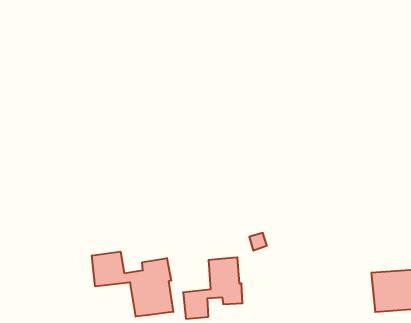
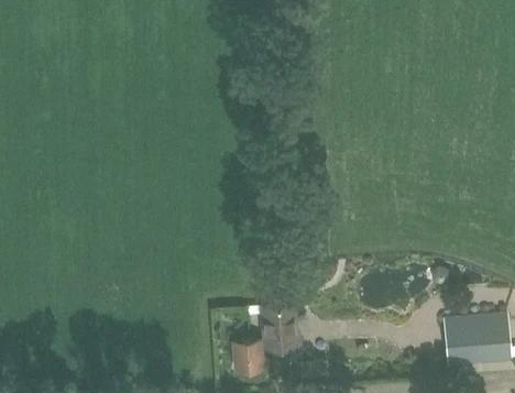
building: [92,252,173,317] -> none

